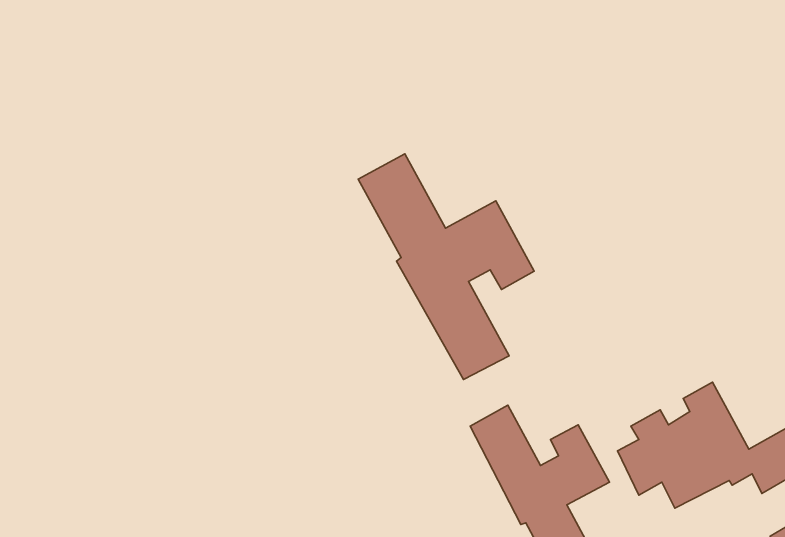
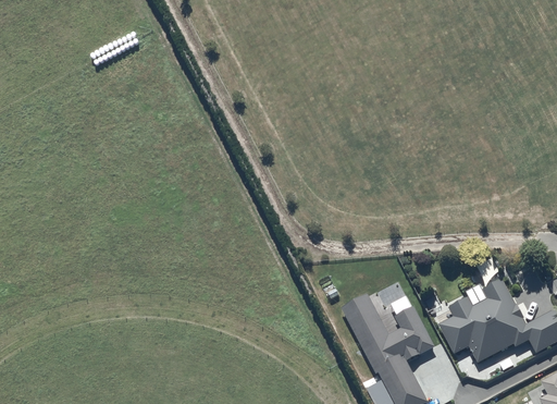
building: [358,154,534,380] -> none

